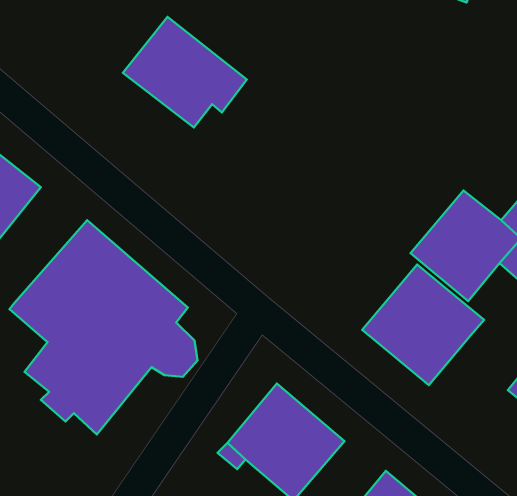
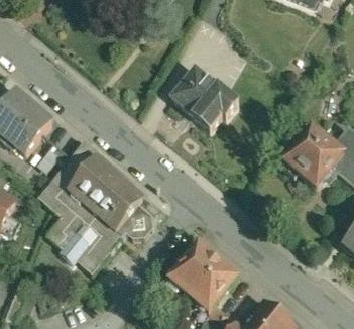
building: [123,17,247,127] -> [169,64,245,131]
building: [362,265,484,385] -> none

